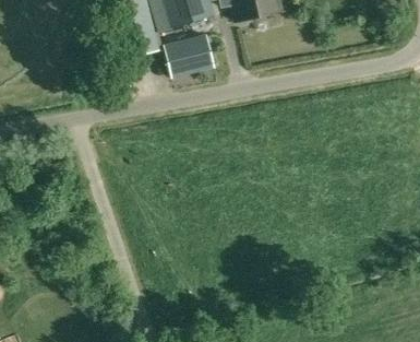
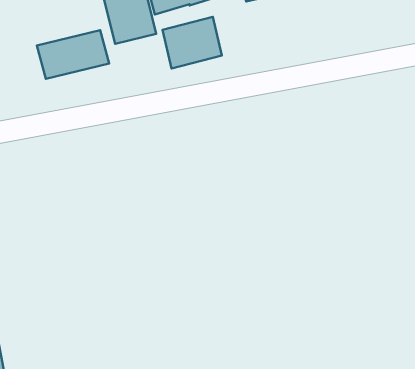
building: none -> [37,30,109,79]

